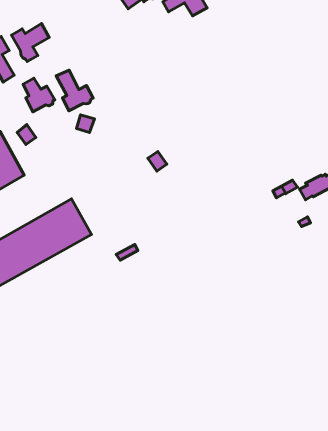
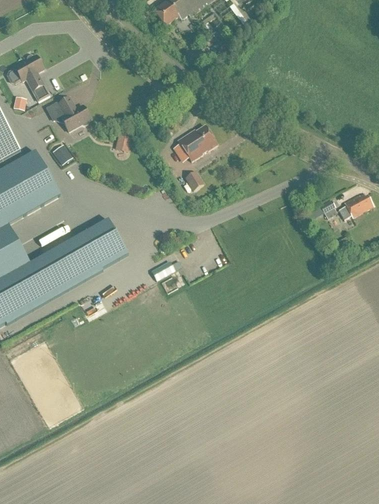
building: [11,23,49,62] -> none
building: [56,70,93,111] -> none
building: none -> [178,124,218,160]

